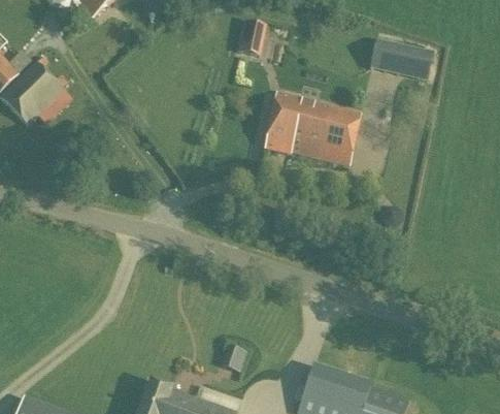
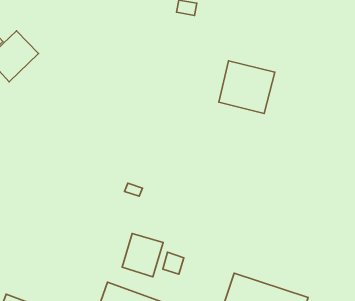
building: [368,38,432,79] -> none
building: [265,92,304,154] -> none
building: none -> [122,234,163,277]

